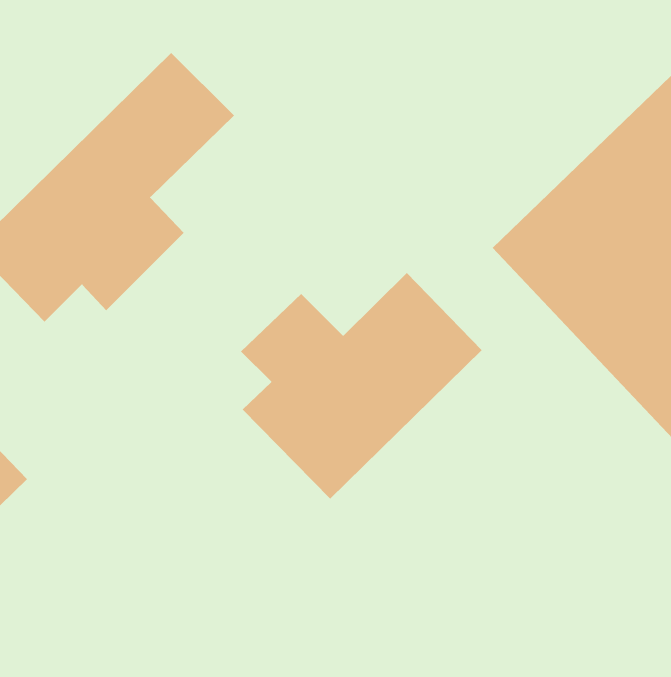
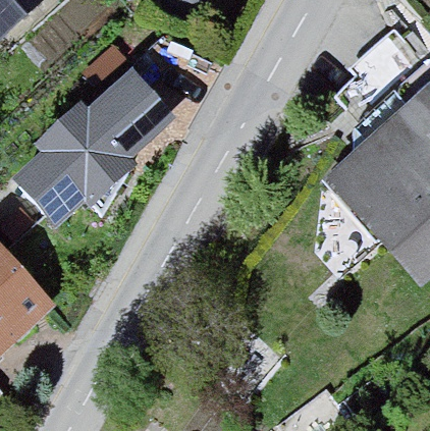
building: [240,272,482,500] -> none

